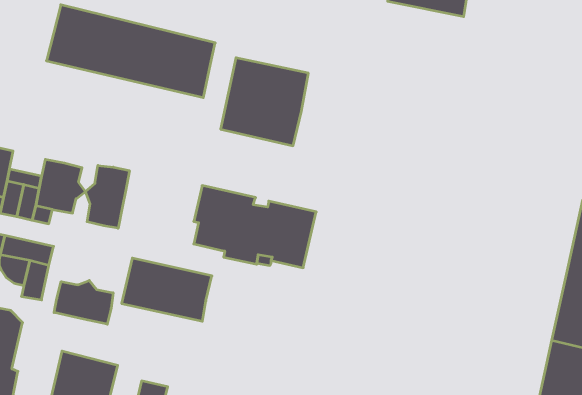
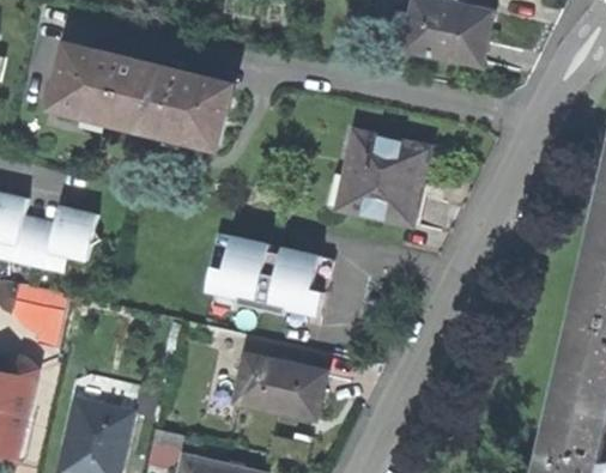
building: [221,58,308,146] -> [339,133,428,222]
building: [86,165,129,228] -> none
building: [122,258,212,321] -> [234,356,325,419]
building: [54,280,113,324] -> none

